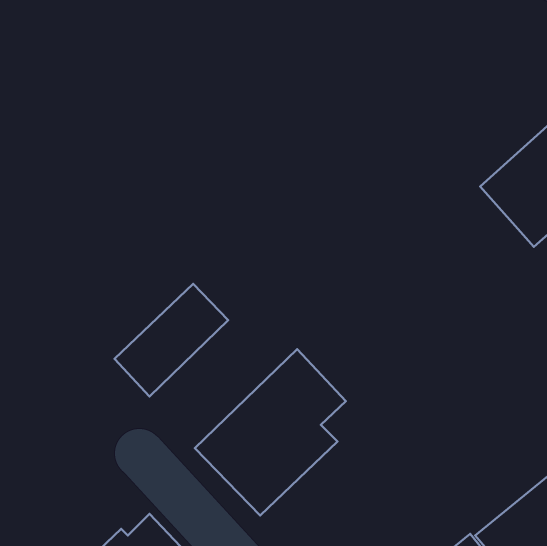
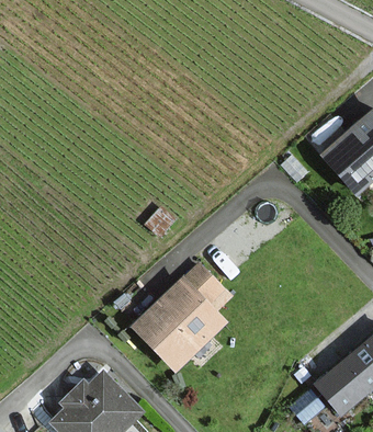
building: [114,284,228,396] -> none

